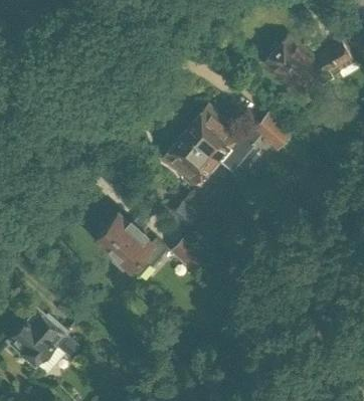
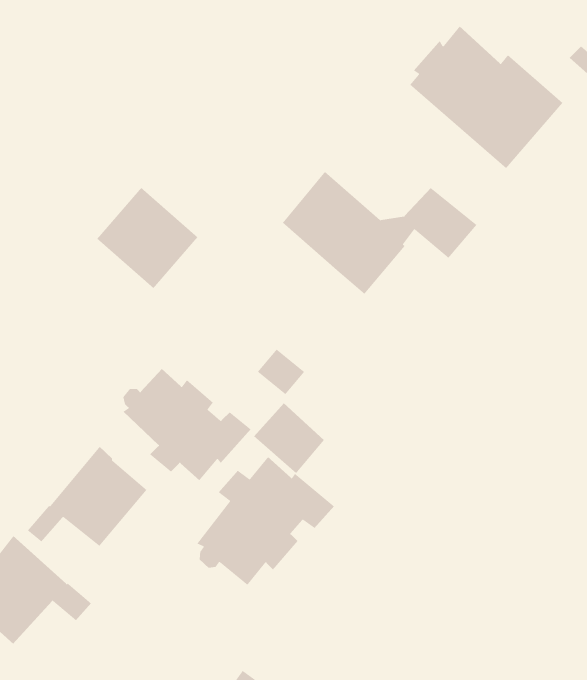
building: [162,133,219,190] -> [96,187,198,289]
building: none -> [27,446,147,547]
building: none -> [196,456,335,586]

